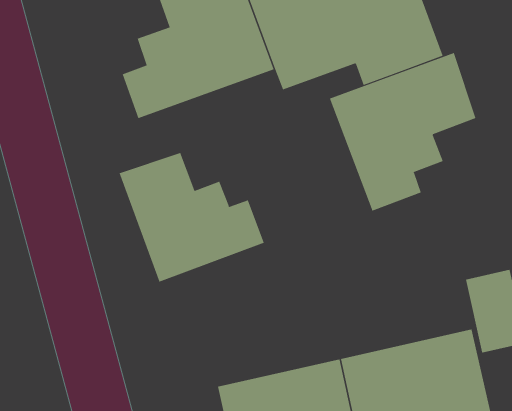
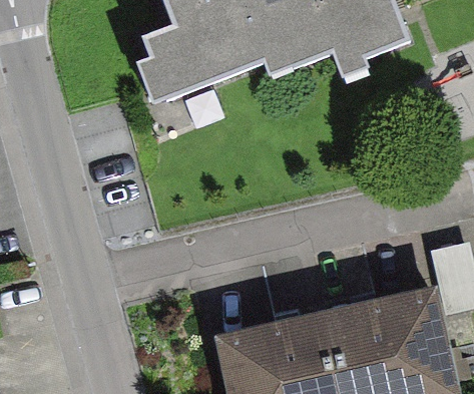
building: [329,52,476,212] -> none
building: [119,152,265,283] -> none

